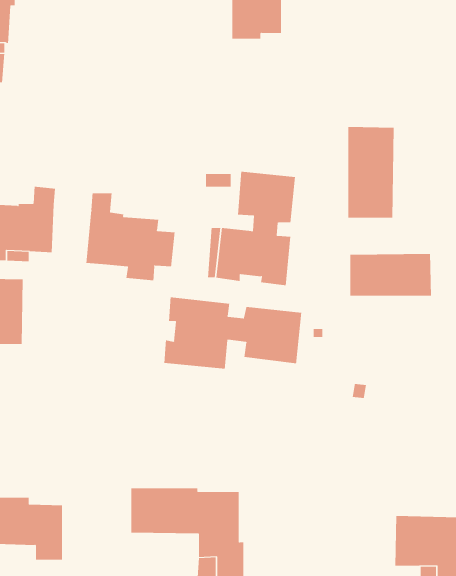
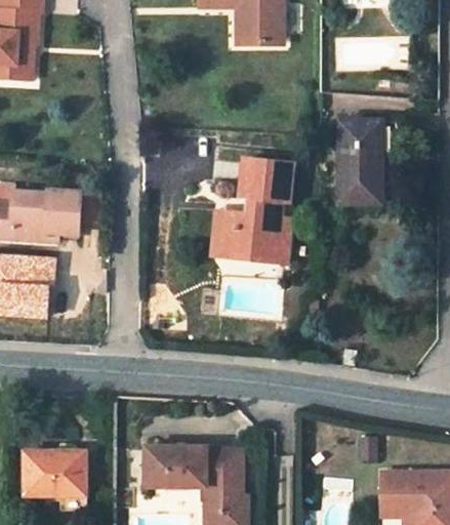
building: [86,192,175,281] -> none
building: [350,253,432,296] -> none
building: [164,297,302,369] -> none

